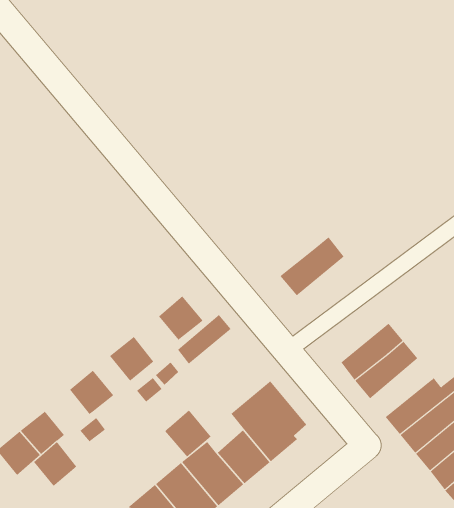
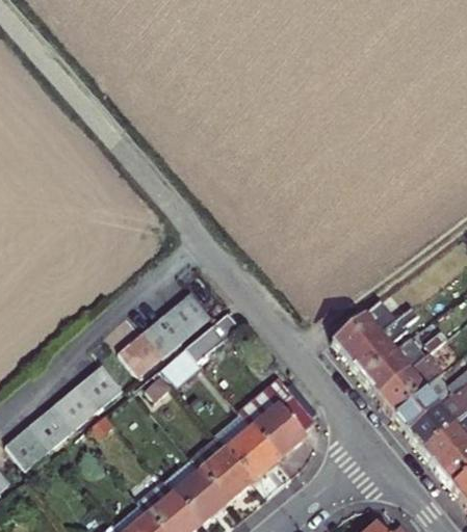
building: [280,236,345,296] -> [332,300,396,360]
building: none -> [144,314,187,358]
building: none -> [378,355,441,414]
building: [164,410,212,457] -> none
building: [33,441,77,486] -> [55,387,99,431]

